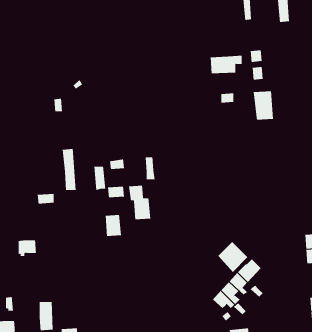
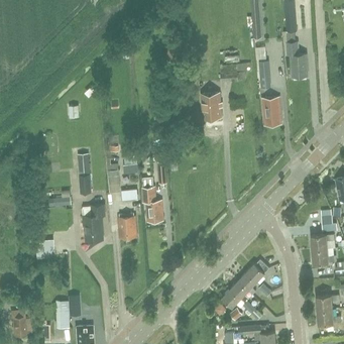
building: none -> [286,41,307,79]
building: none -> [202,93,221,118]
building: none -> [83,205,105,240]
building: [218,241,248,273] -> none

